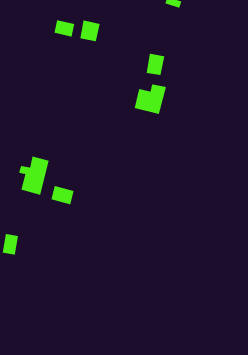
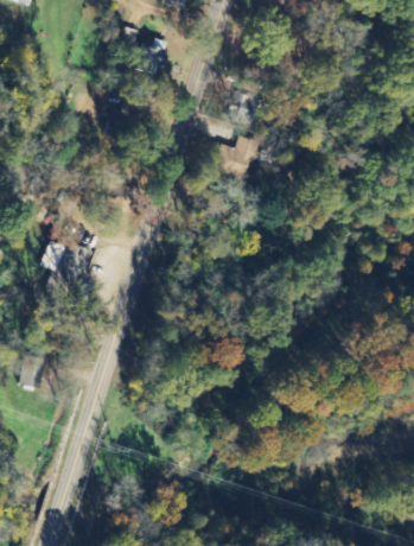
building: [54,20,75,37] -> none
building: [51,185,74,205] -> none

